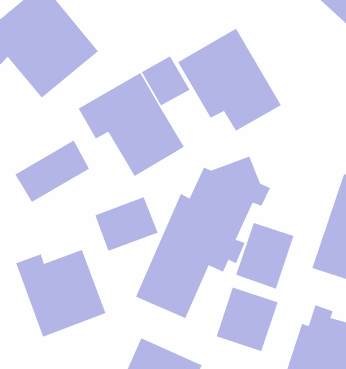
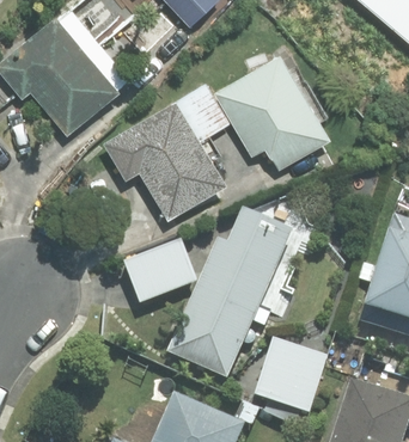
building: [15,140,90,203] -> none
building: [236,222,294,290] -> none
building: [15,249,106,337] -> none

